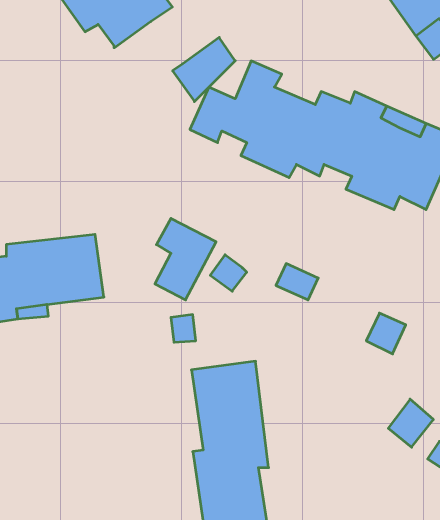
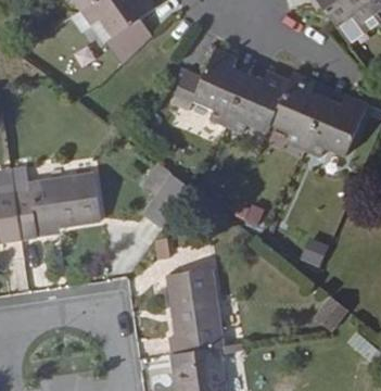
building: [173,37,235,102] -> [102,16,149,64]

